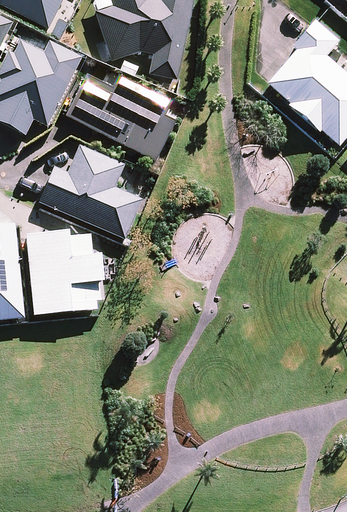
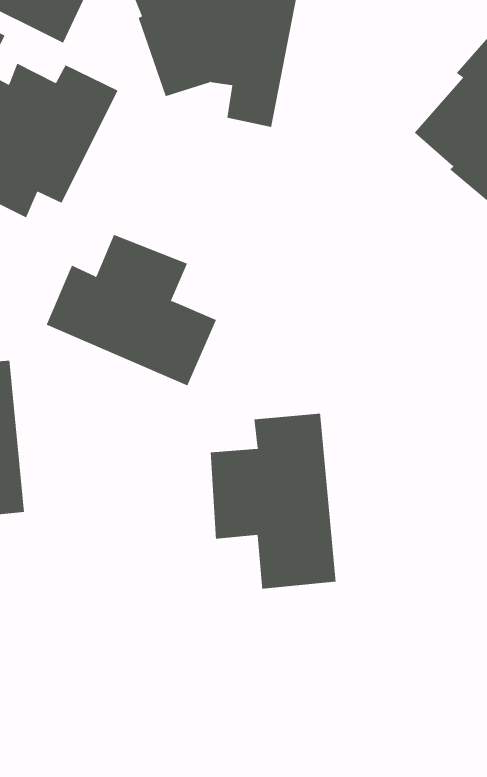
building: [64,75,176,161] -> none
building: [25,228,104,314] -> none
building: none -> [210,413,336,590]

